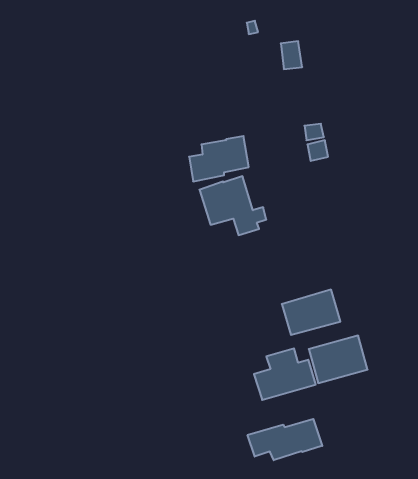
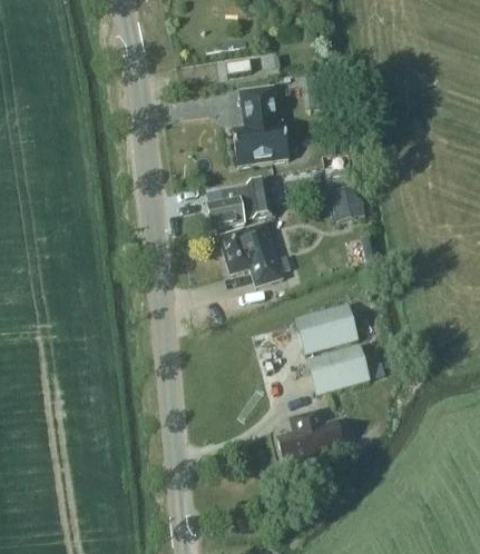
building: none -> [232,85,288,166]
building: [309,336,368,383] -> [294,303,357,354]
building: [248,419,322,460] -> none

